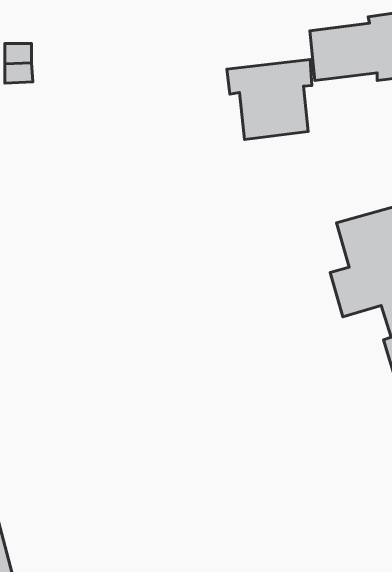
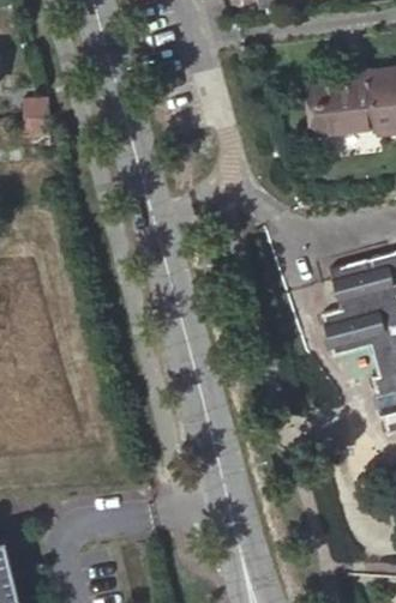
building: [227,60,312,139] -> none

